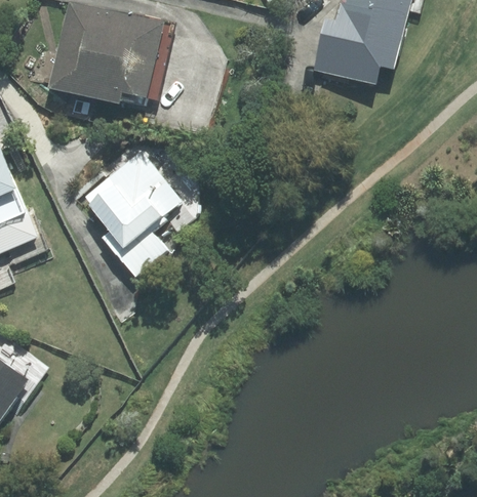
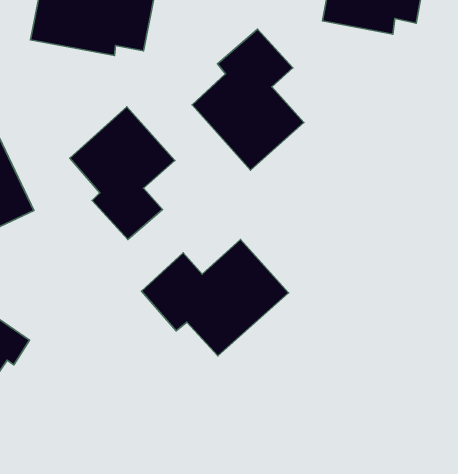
building: none -> [192,29,304,170]
building: none -> [141,240,288,356]

